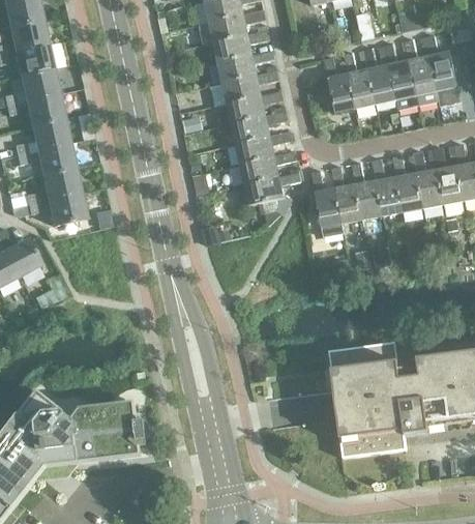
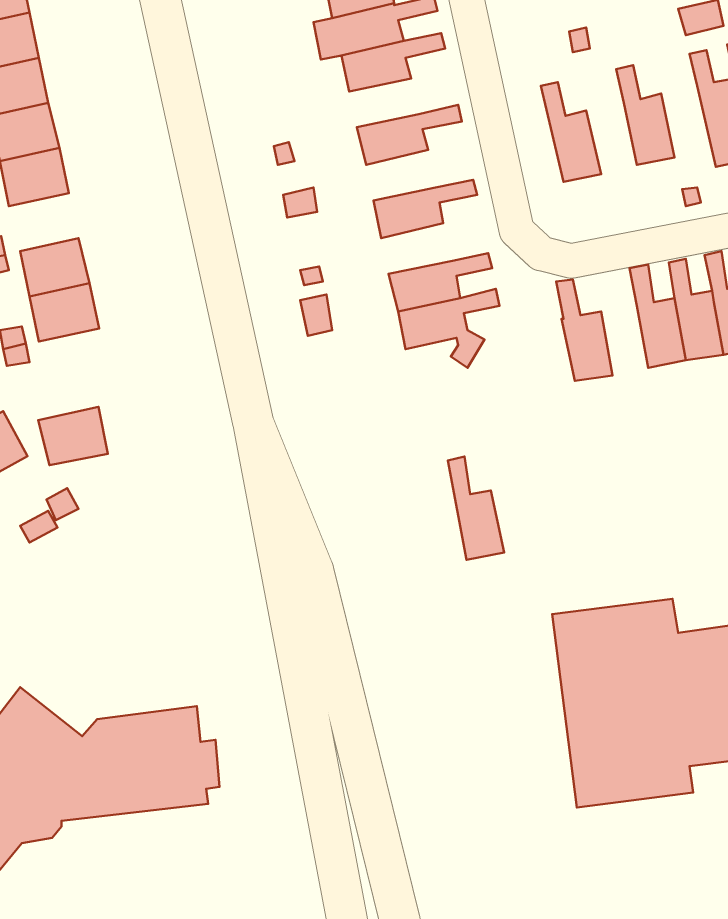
building: [386,42,420,108] -> none
building: [218,49,275,81] -> none
building: [346,51,377,107] -> none
building: [228,89,285,121] -> none
building: [31,117,69,149] -> none
building: [236,129,293,162] -> none
building: [353,161,383,217] -> none
building: [311,168,343,225] -> [448,457,504,560]
building: [48,192,86,224] -> [38,407,108,465]

